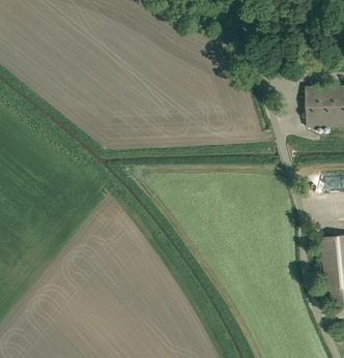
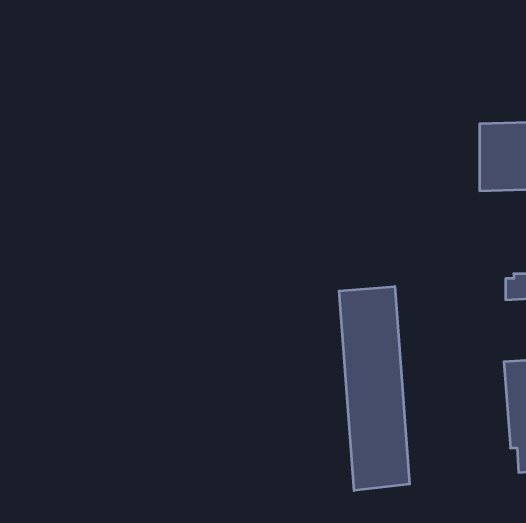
building: none -> [339,286,410,491]

